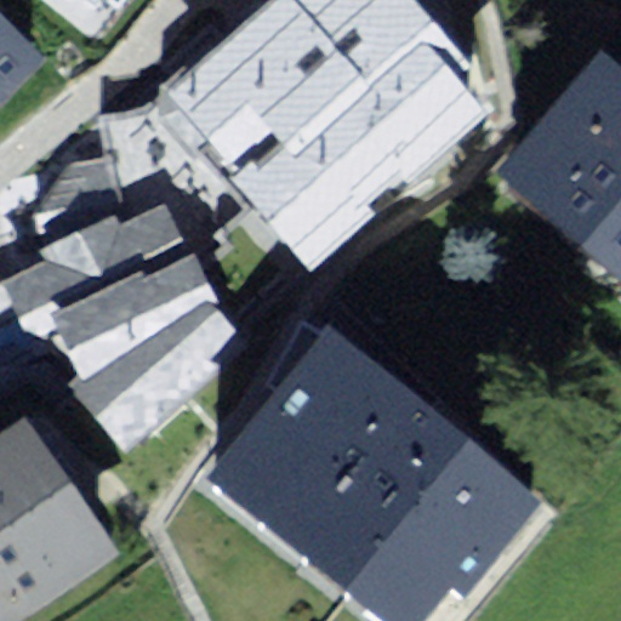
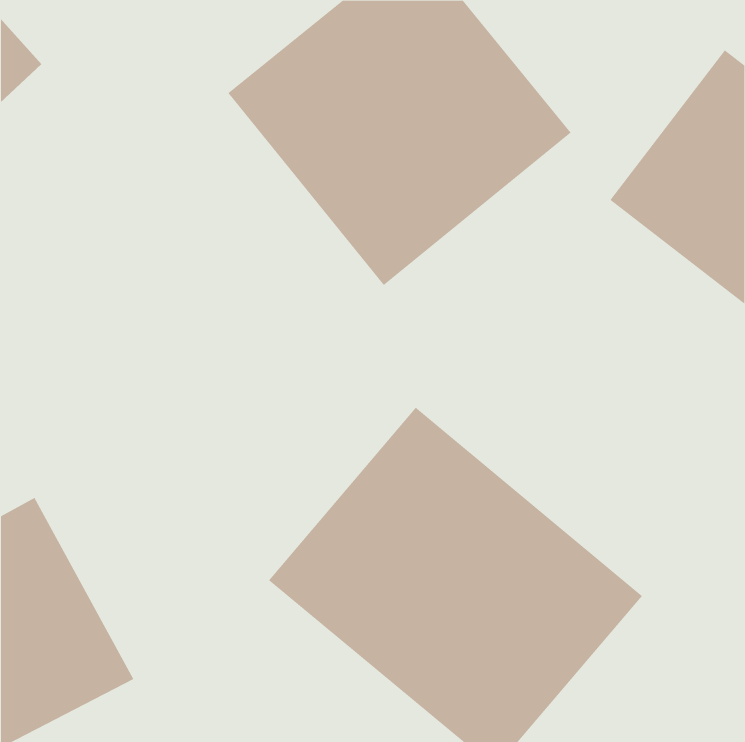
building: [23,195,239,422] -> none

